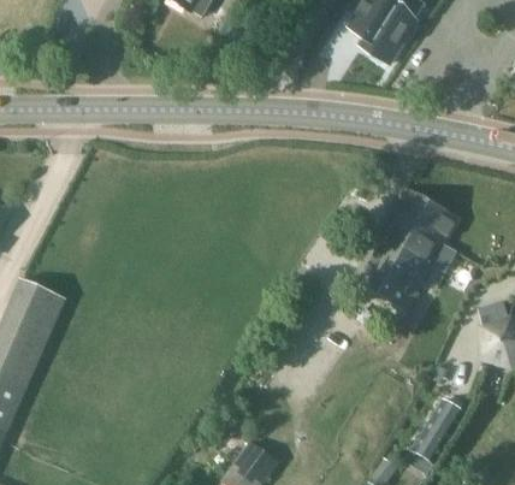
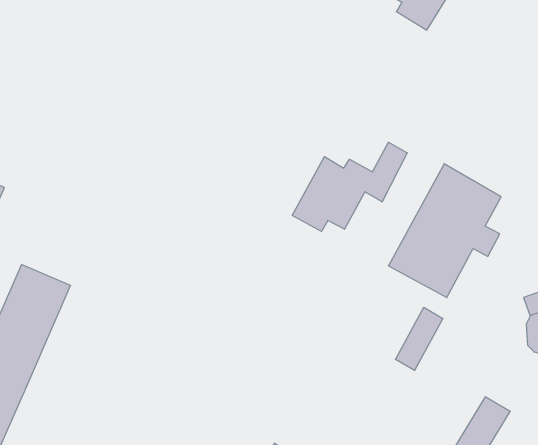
building: none -> [292,142,407,231]
building: none -> [395,307,443,371]

